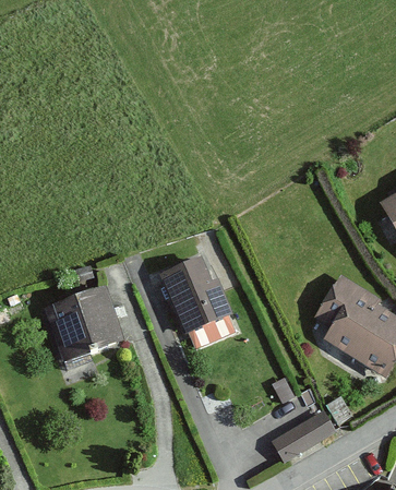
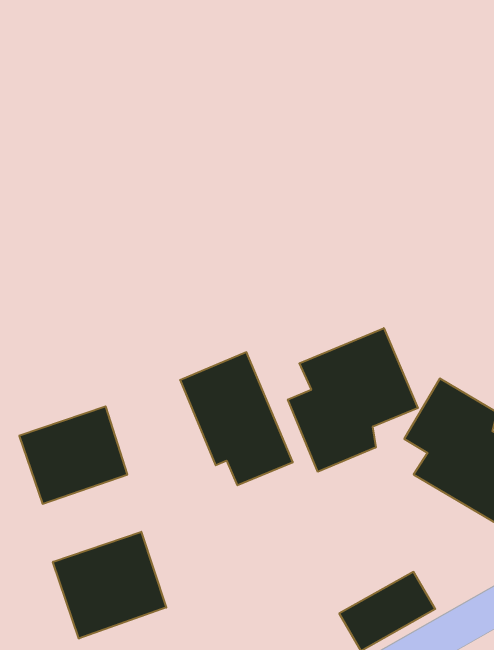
building: none -> [288,328,418,472]
building: none -> [53,532,166,639]

